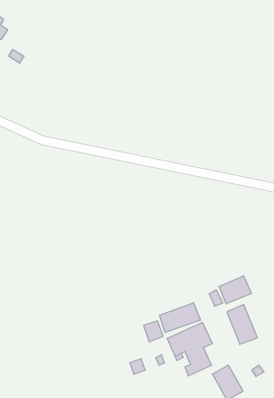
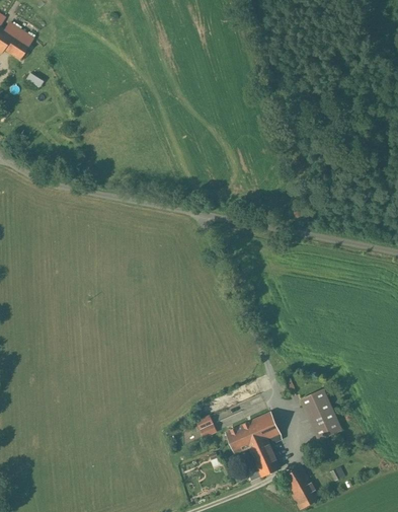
building: [219,276,251,304] -> none
building: [159,303,201,333] -> none

